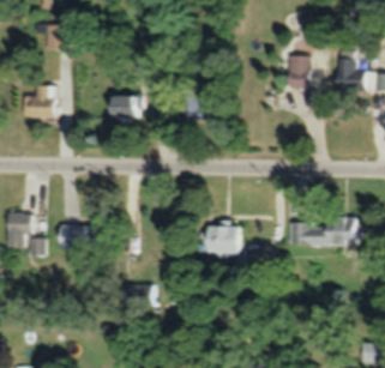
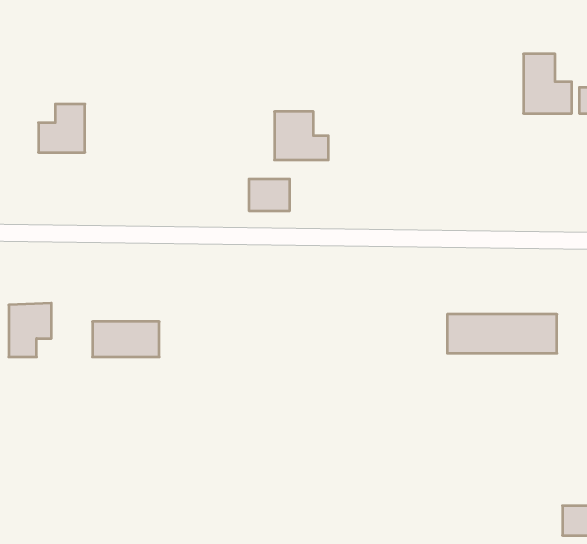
building: [288,55,313,88] -> none
building: [110,93,137,114] -> [249,179,290,211]
building: [204,224,242,253] -> none

